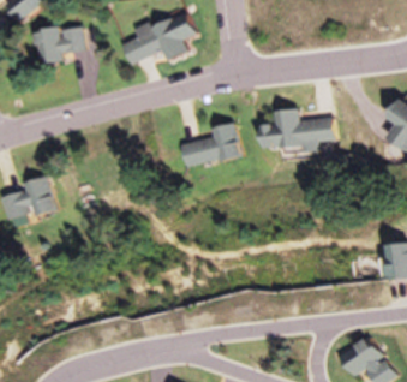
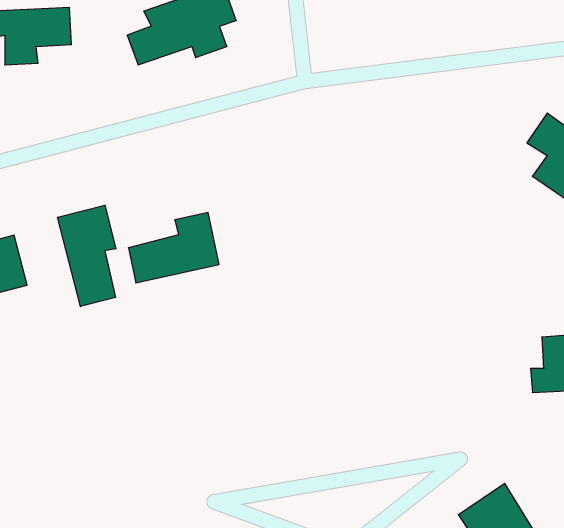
building: [258,107,334,147] -> none
building: [181,121,240,167] -> [128,213,219,283]
building: none -> [57,205,116,307]

